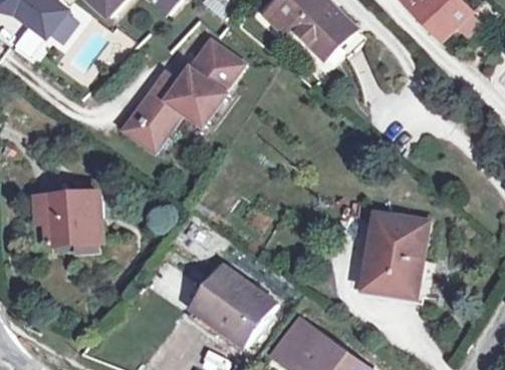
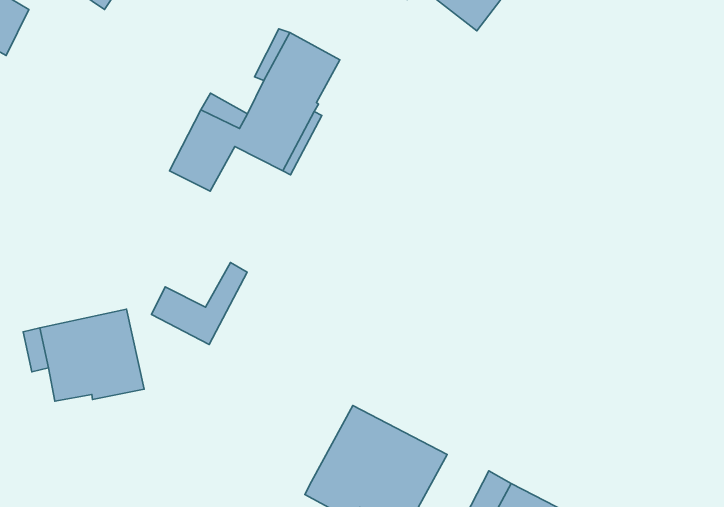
building: [122,106,182,152] -> [152,263,247,345]
building: [365,217,423,294] -> none

